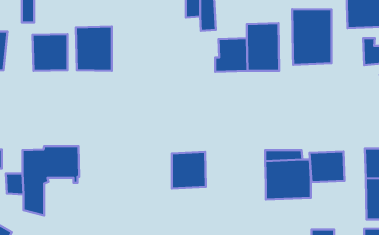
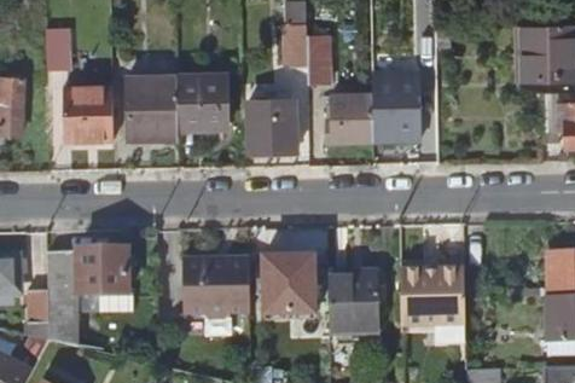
building: [292,9,332,65] -> none
building: none -> [178,74,228,128]
building: none -> [249,100,296,150]
building: [310,151,345,182] -> none
building: none -> [182,259,250,319]
building: none -> [329,268,379,335]

